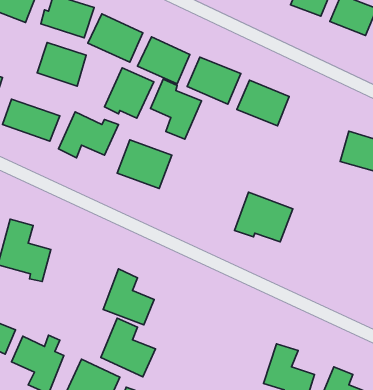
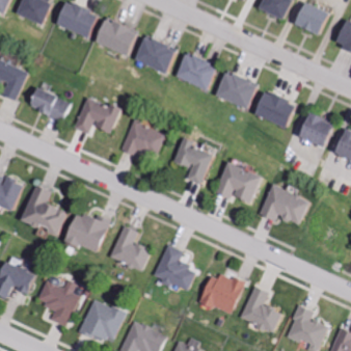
building: [37,43,86,86] -> none
building: [104,68,154,118] -> none
building: [151,79,201,139] -> [172,137,214,186]
building: none -> [260,91,302,129]
building: none -> [259,183,316,227]
building: none -> [66,211,111,253]
building: [101,318,155,377] -> [152,245,196,293]
building: none -> [200,273,244,314]

